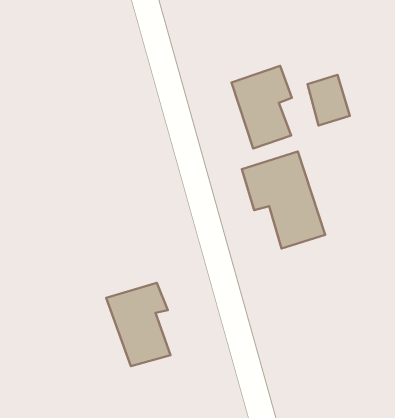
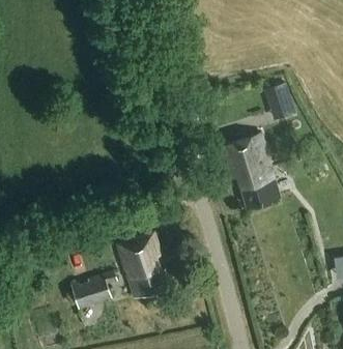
building: [232,66,292,148] -> none
building: none -> [70,269,117,309]

